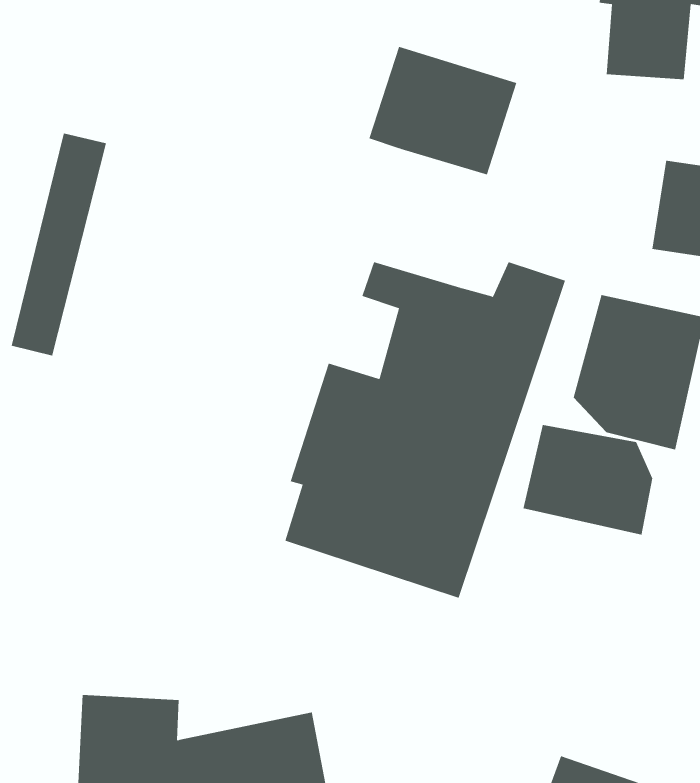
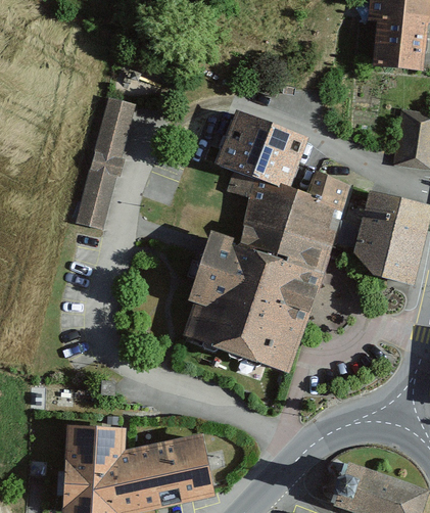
building: [369,46,517,175] -> [218,112,304,188]
building: [11,133,107,356] -> [79,100,135,231]
building: [523,424,653,535] -> none

